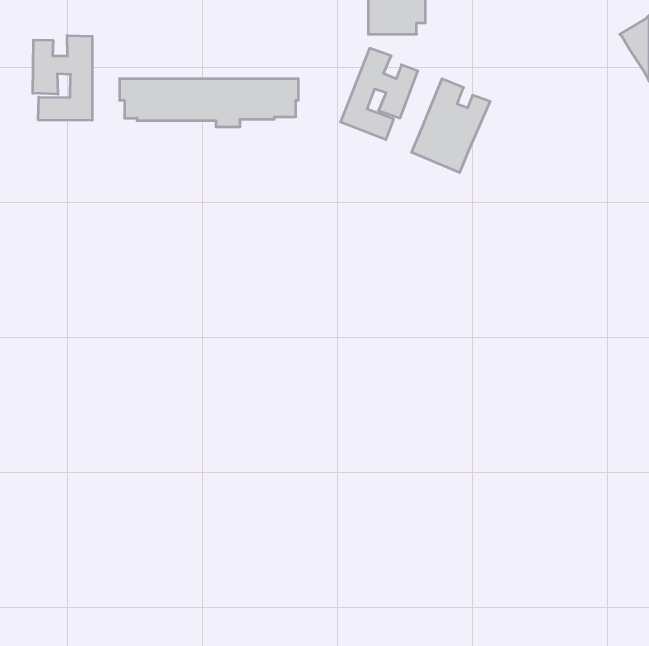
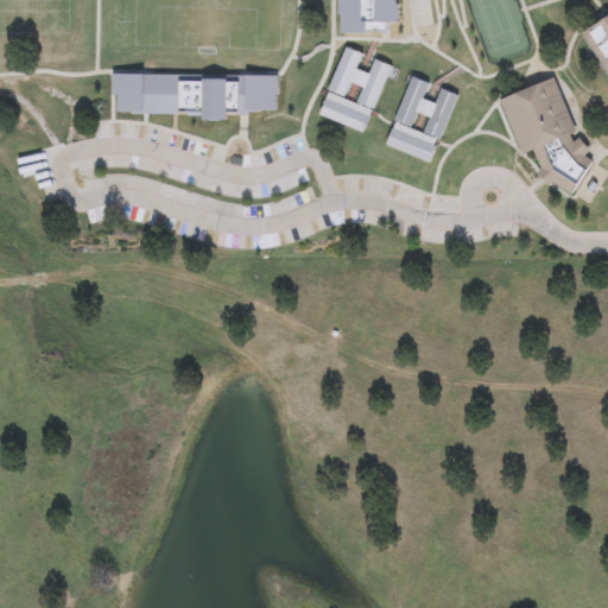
building: [33,35,92,120] -> none
building: none -> [499,76,593,194]

